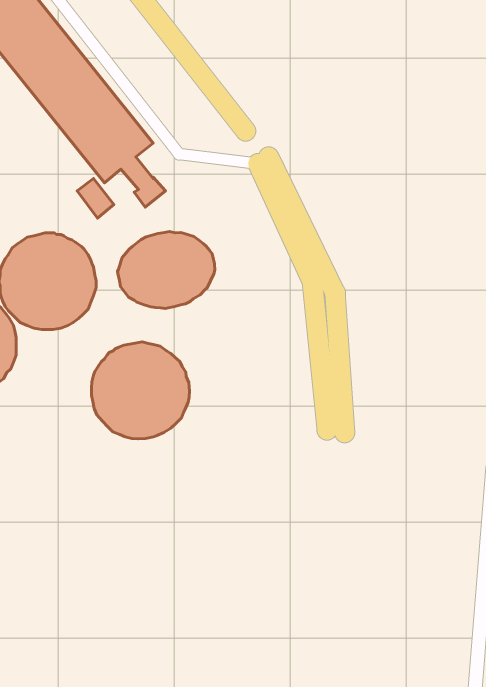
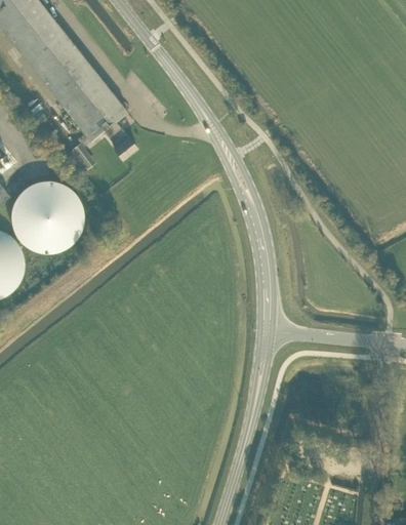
building: [118,231,215,309] -> none
building: [91,342,189,439] -> none

